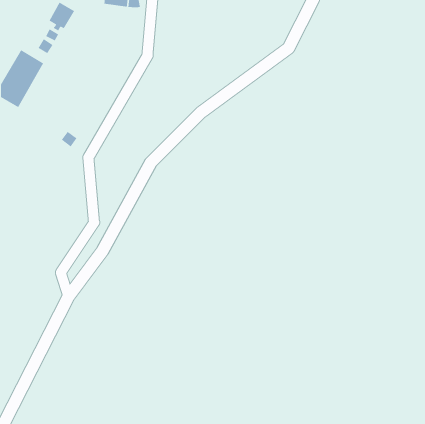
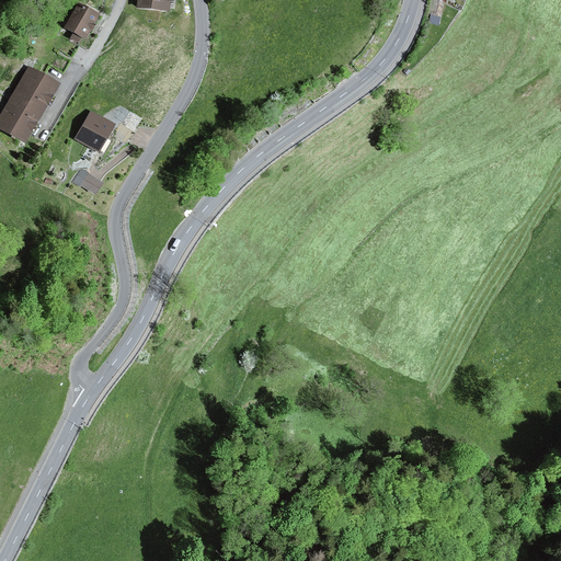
building: none -> [75,108,114,150]

